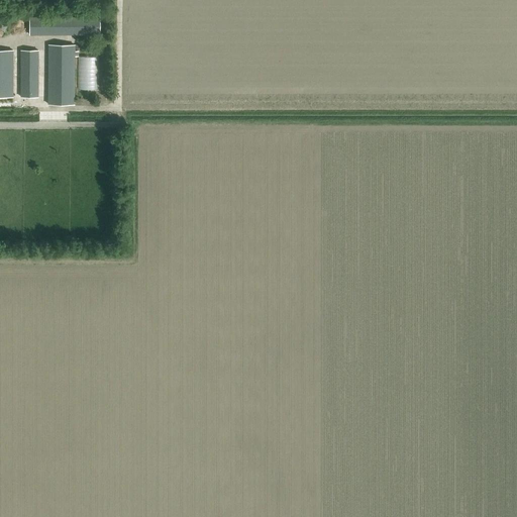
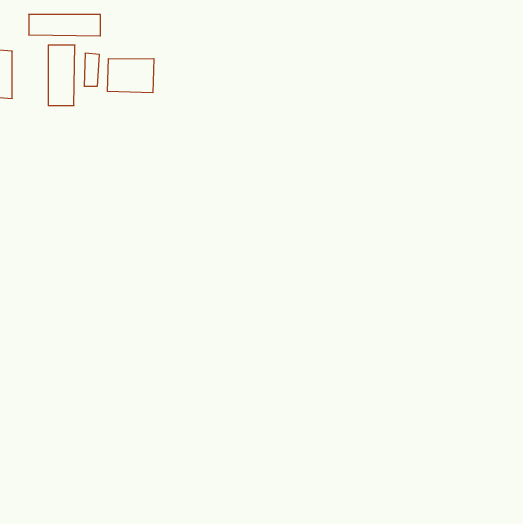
building: [20,50,37,97] -> none
building: none -> [107,59,154,93]

